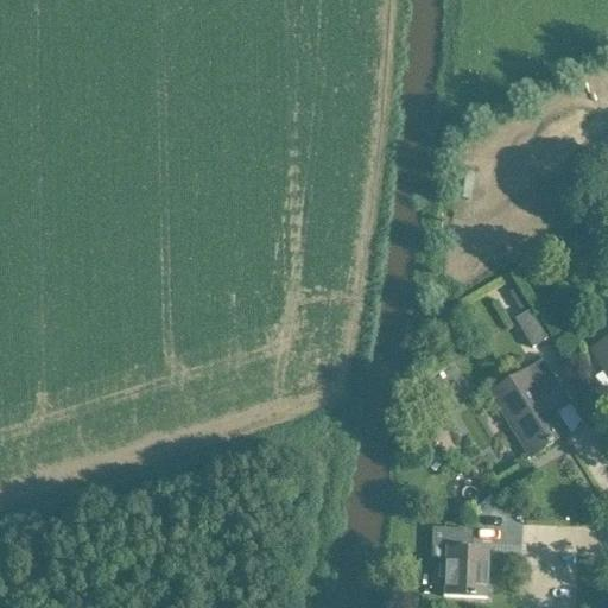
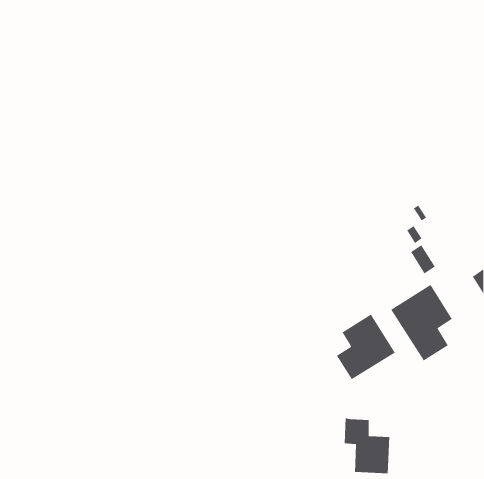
building: none -> [336,313,396,380]

